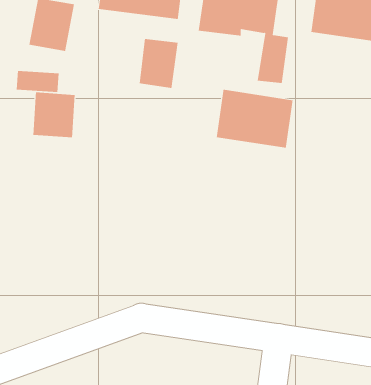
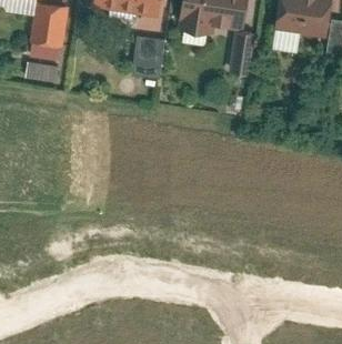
building: [216,89,293,148] -> none
building: [33,92,75,138] -> none

